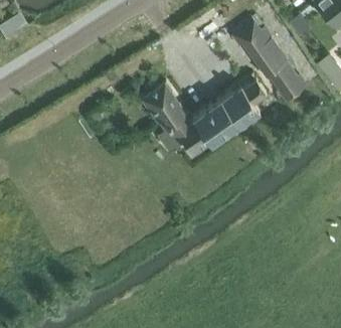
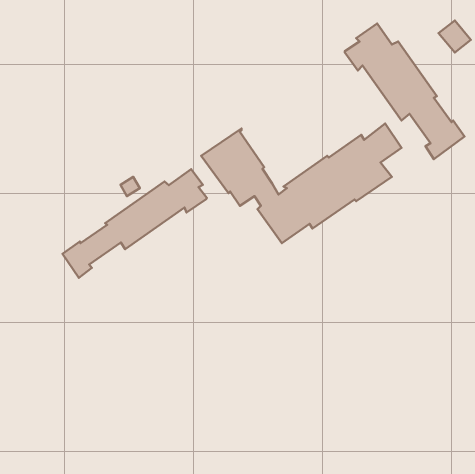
building: none -> [62,169,207,278]

